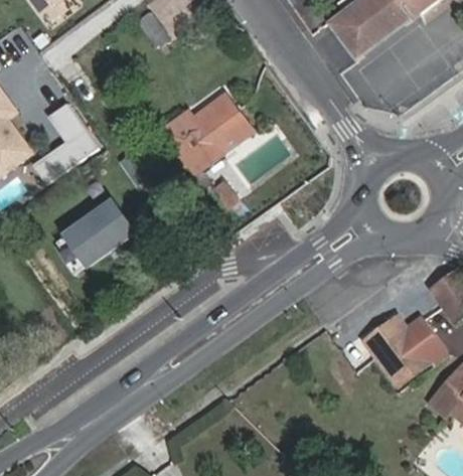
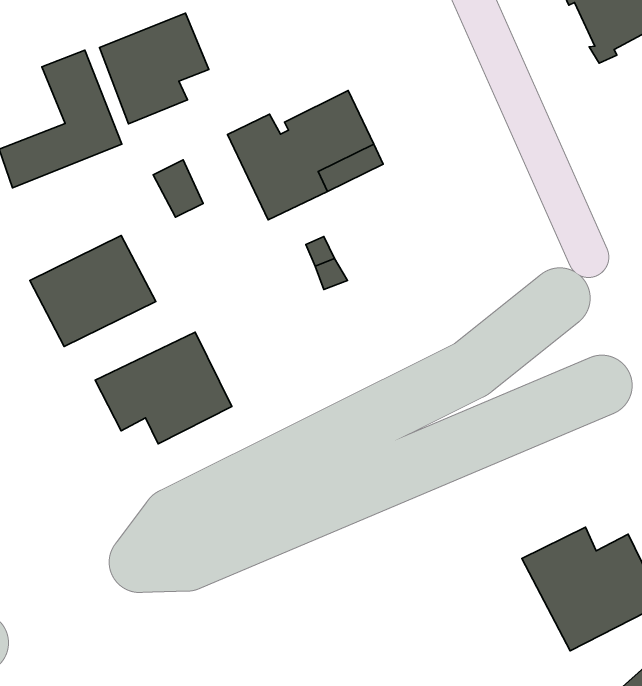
building: none -> [100,13,209,124]
building: none -> [95,332,232,444]

